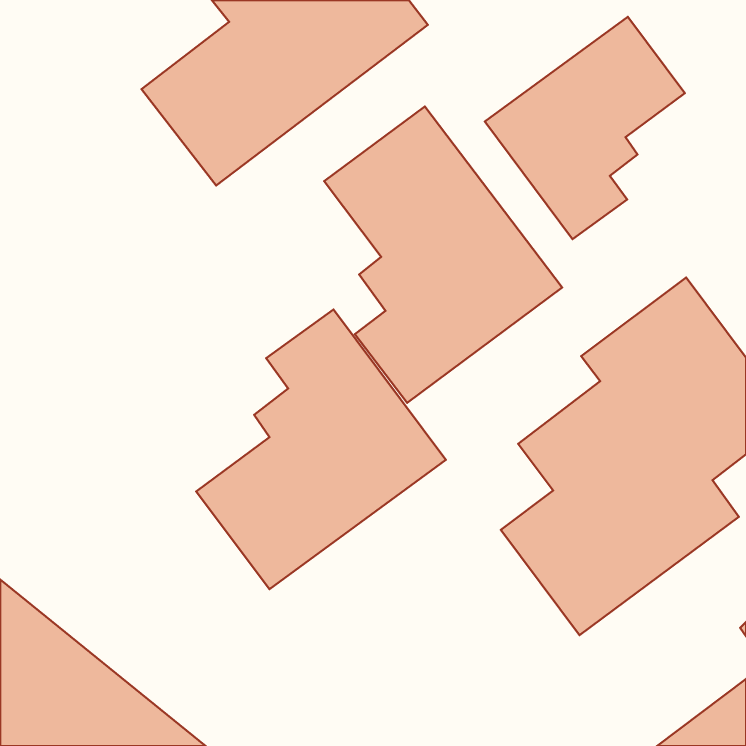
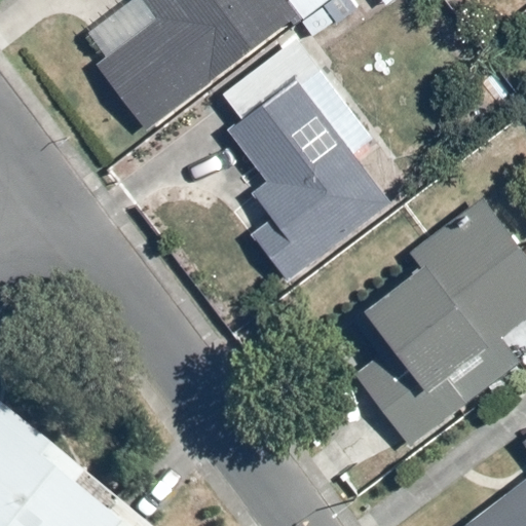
building: [485,17,685,239] -> none
building: [196,309,446,589] -> none

